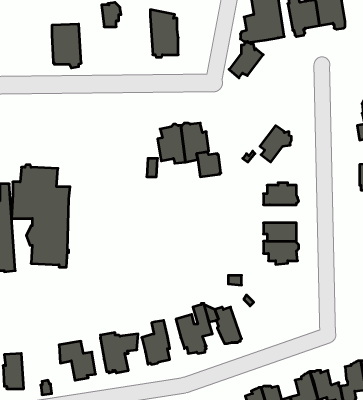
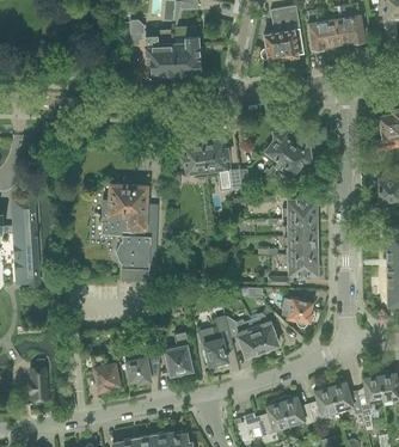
building: [52,24,81,68] -> [146,33,174,76]
building: [229,43,263,78] -> [262,129,295,164]
building: [12,165,70,267] -> [100,183,158,283]
building: none -> [283,219,315,237]
building: none -> [282,296,312,327]
building: none -> [251,313,278,351]

